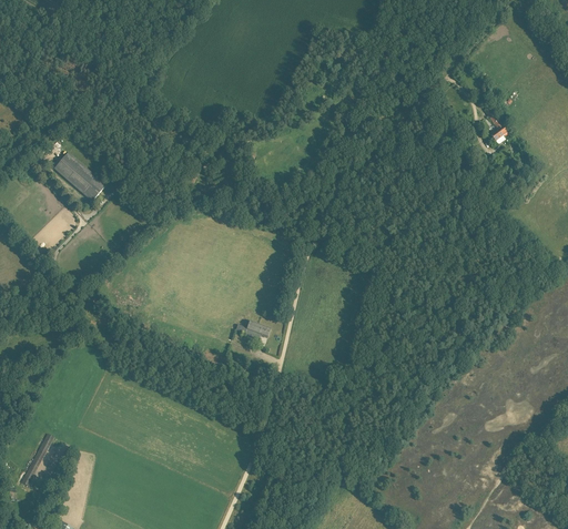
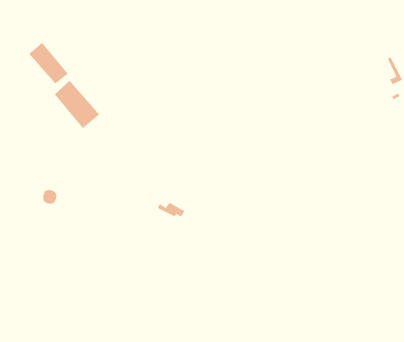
building: none -> [54,80,100,129]

